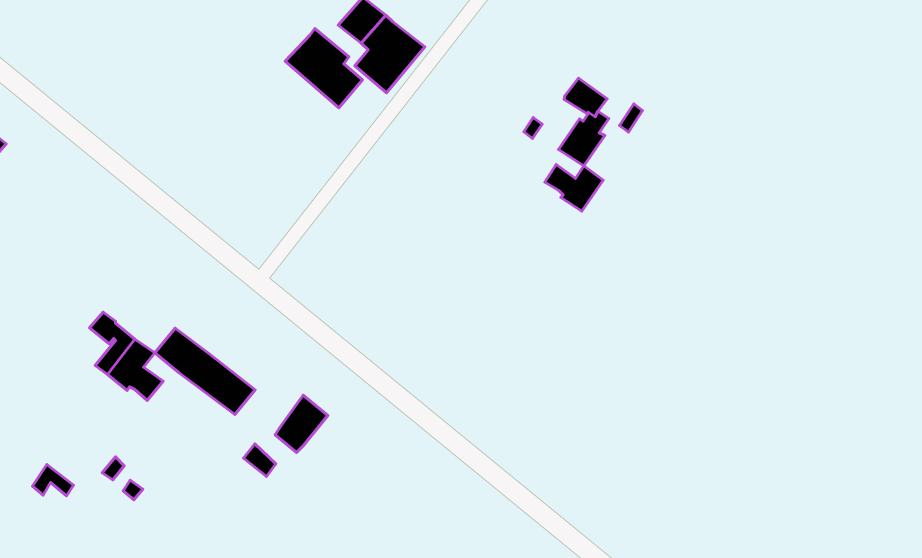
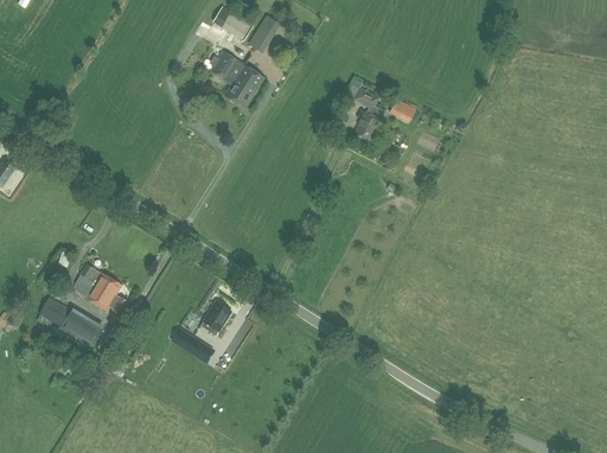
building: [285,28,363,108] -> none
building: [545,164,603,211] -> none
building: [155,328,255,415] -> [37,295,101,344]

